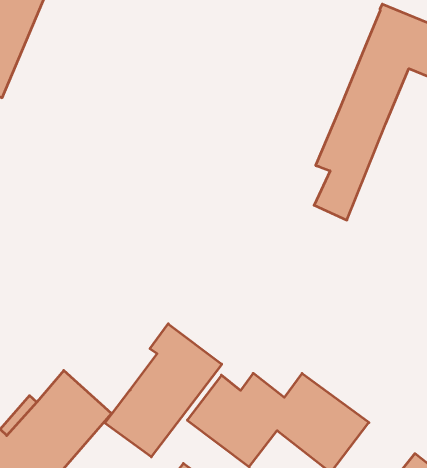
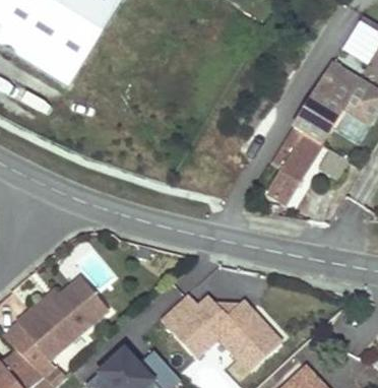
building: [105,324,222,457] -> none

